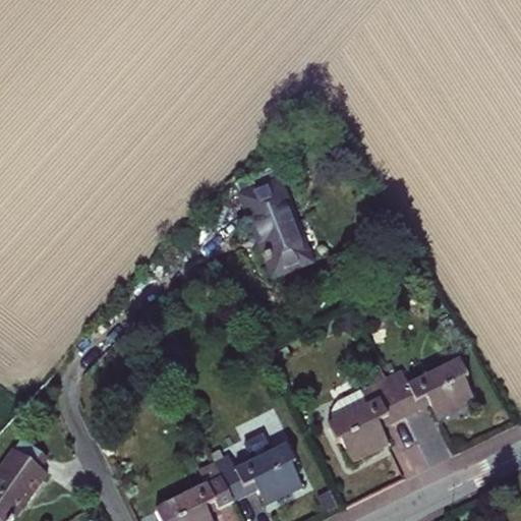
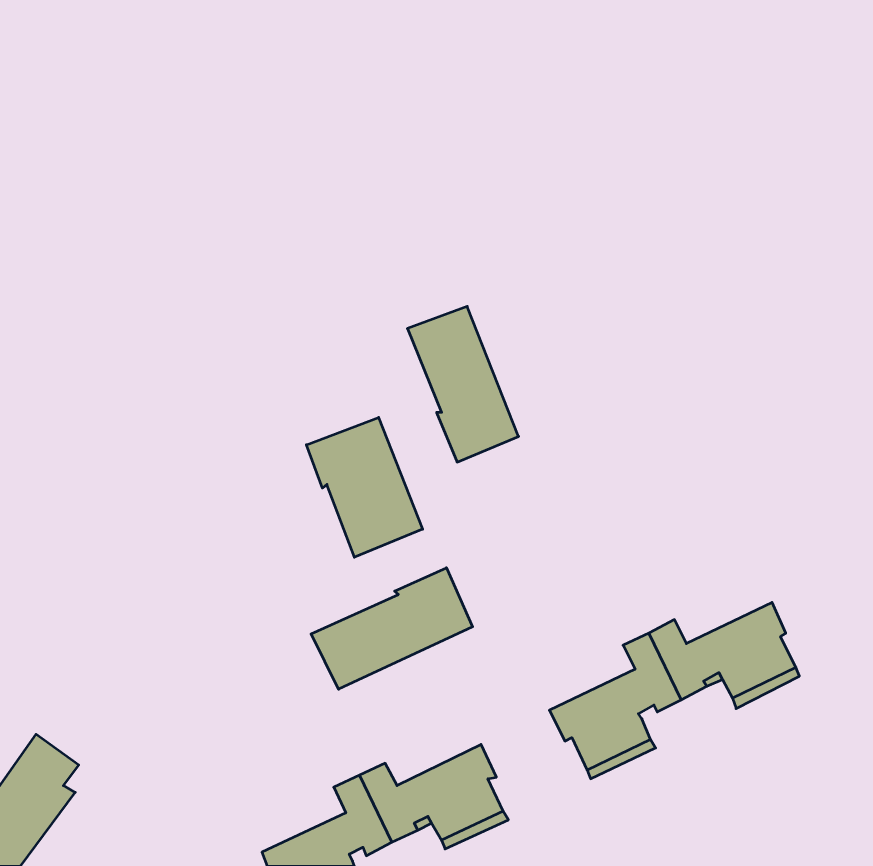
building: none -> [306,417,423,557]
building: none -> [311,568,473,689]

